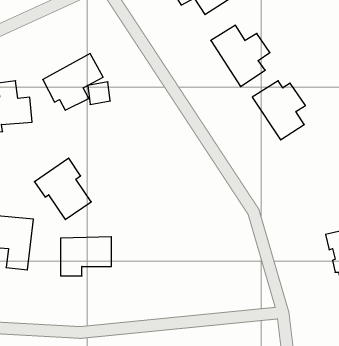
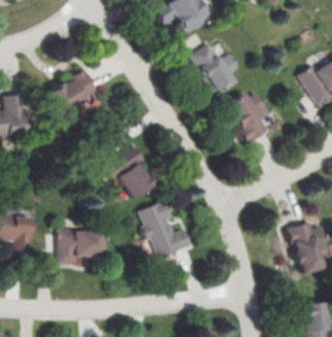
building: [34,158,91,220] -> [105,145,155,199]
building: none -> [140,200,192,259]

